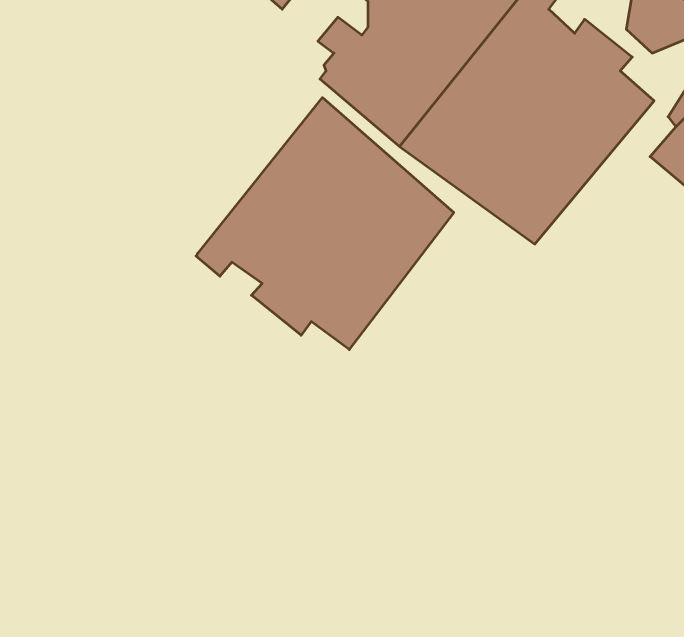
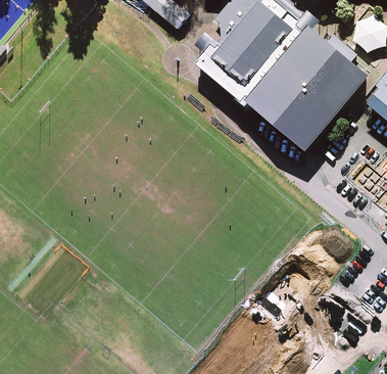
building: [196,98,454,350] -> none

